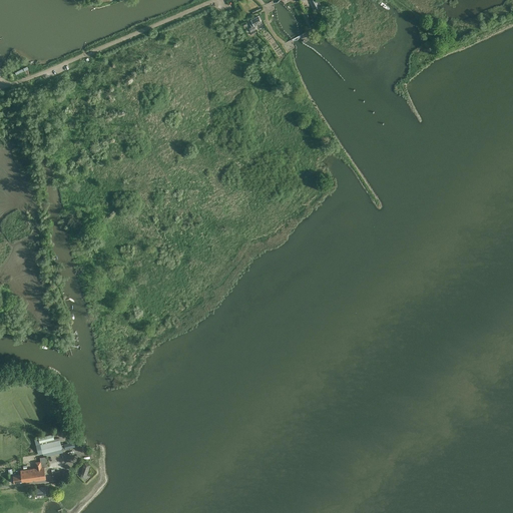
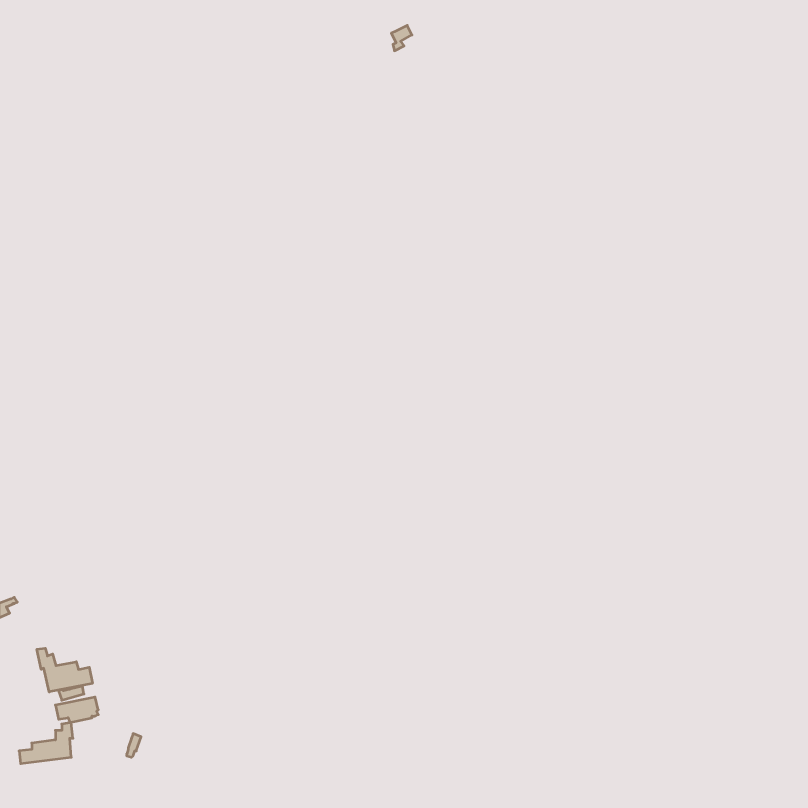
building: none -> [37,648,92,692]

